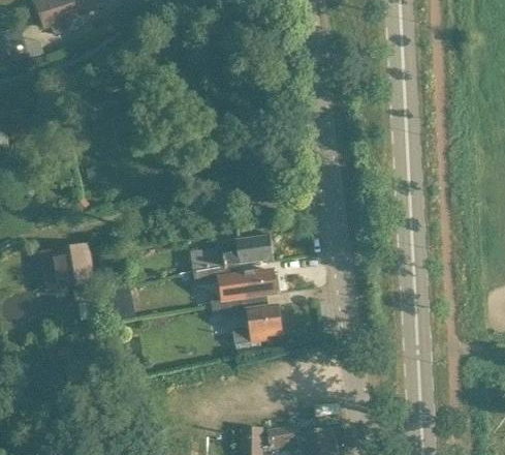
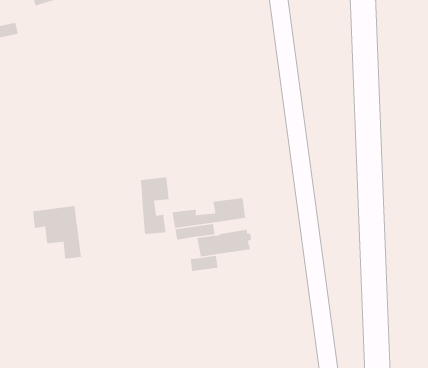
building: none -> [138,176,170,235]
building: [233,304,281,340] -> none

